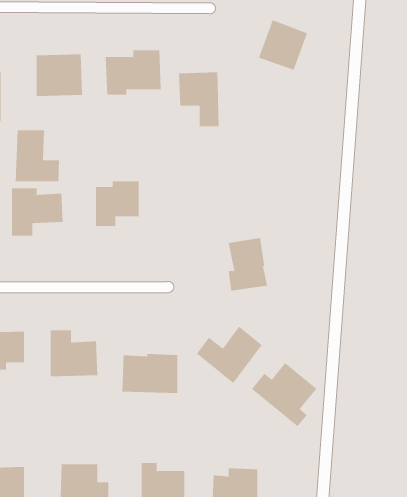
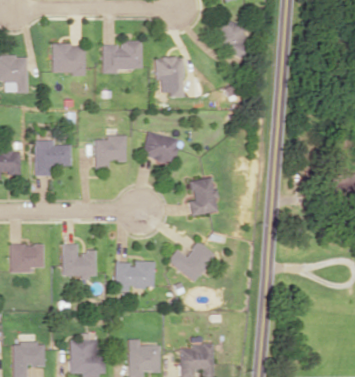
building: [15,130,60,182] -> none
building: none -> [143,132,179,162]
building: [251,362,317,427] -> none

